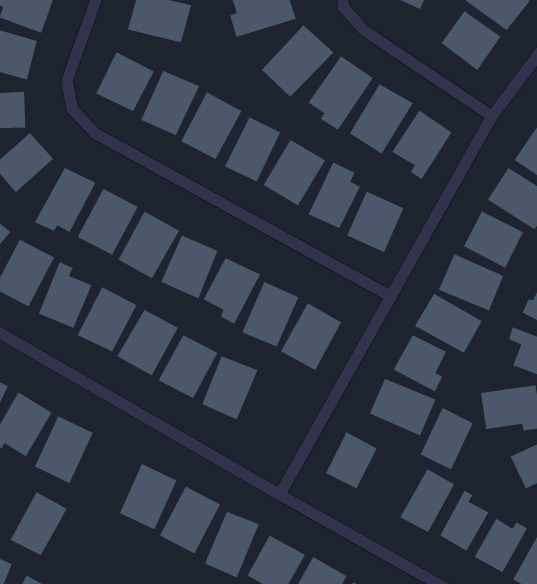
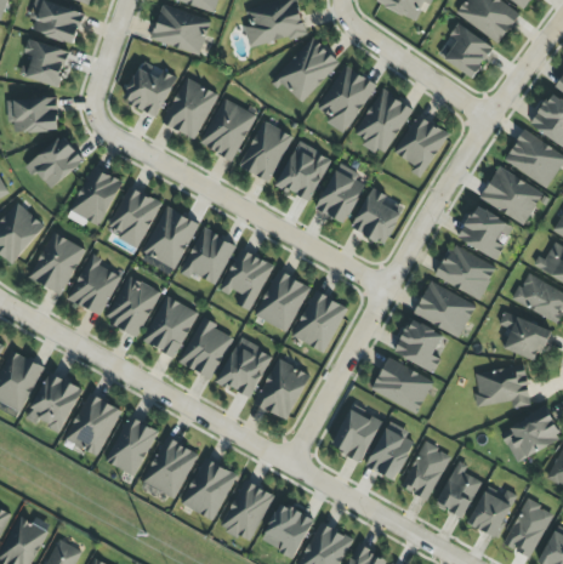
building: none -> [255,358,311,421]
building: [419,407,474,471] -> [368,423,417,482]
building: [9,491,68,556] -> [106,416,159,475]

